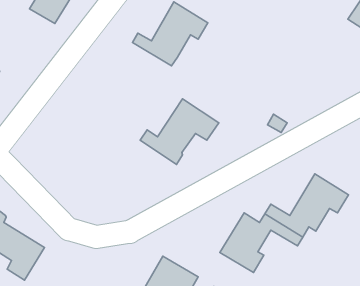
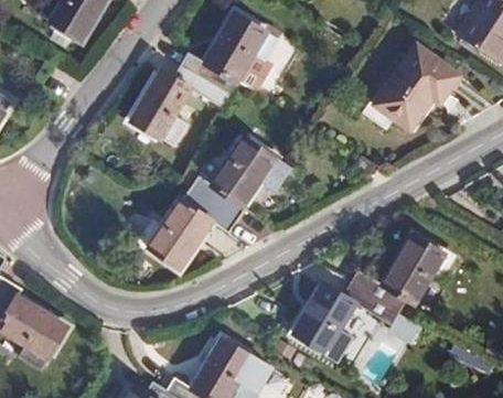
building: none -> [375,44,459,129]
building: none -> [130,64,231,144]
building: none -> [140,189,237,269]

